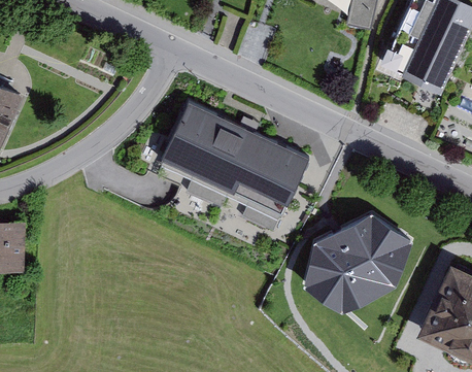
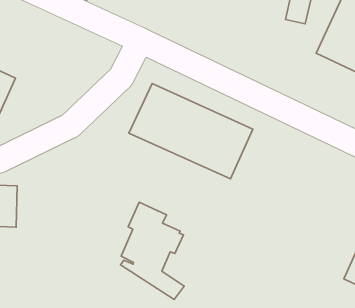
building: [303,218,410,316] -> none
building: none -> [121,202,184,299]

